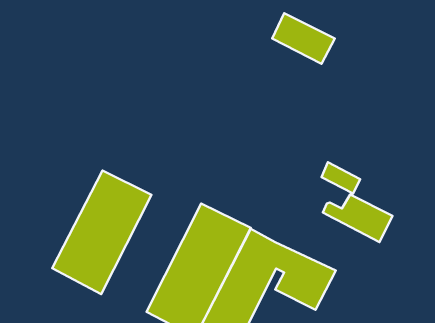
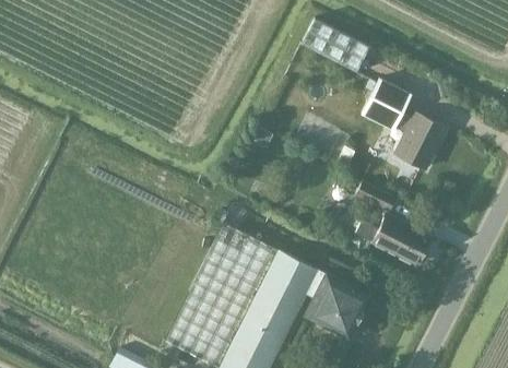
building: none -> [362,79,447,169]
building: [52,171,151,294] -> none

